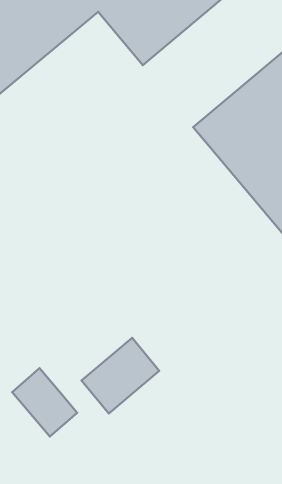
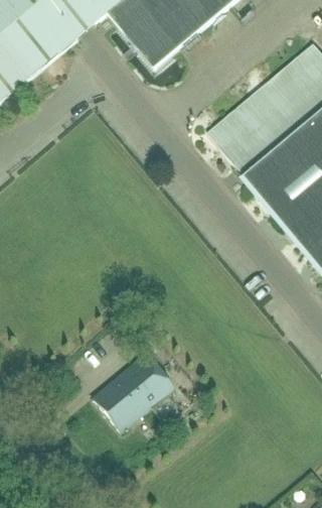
building: [12,368,77,437] -> none

